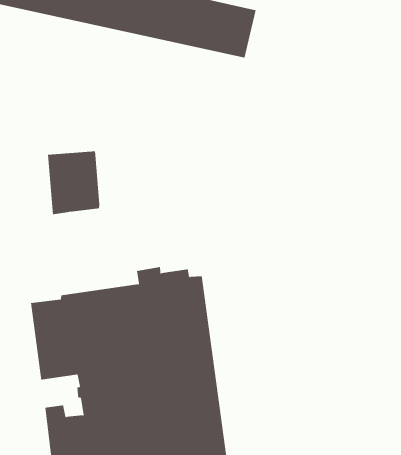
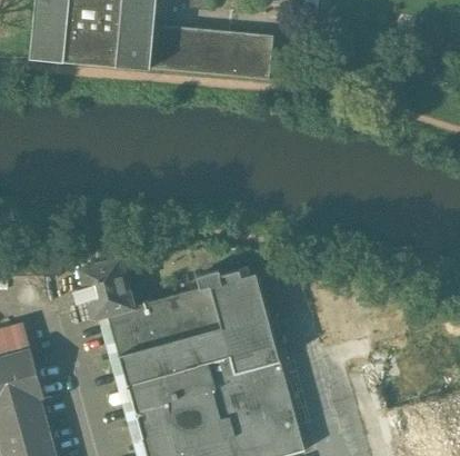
building: [47,151,100,215] -> [81,260,133,321]

